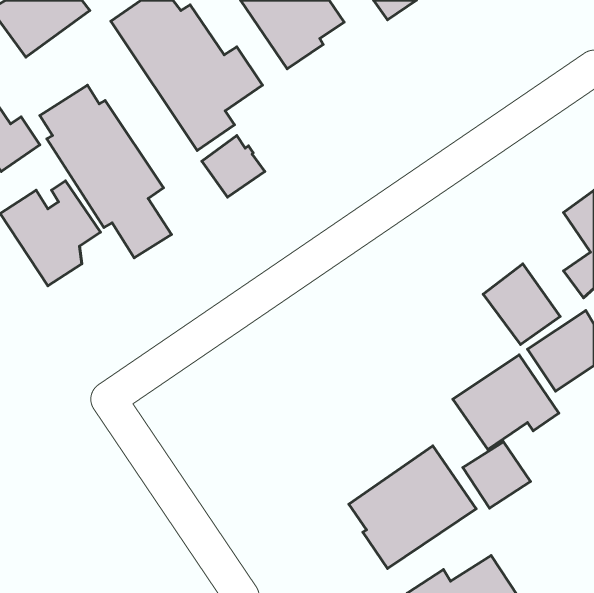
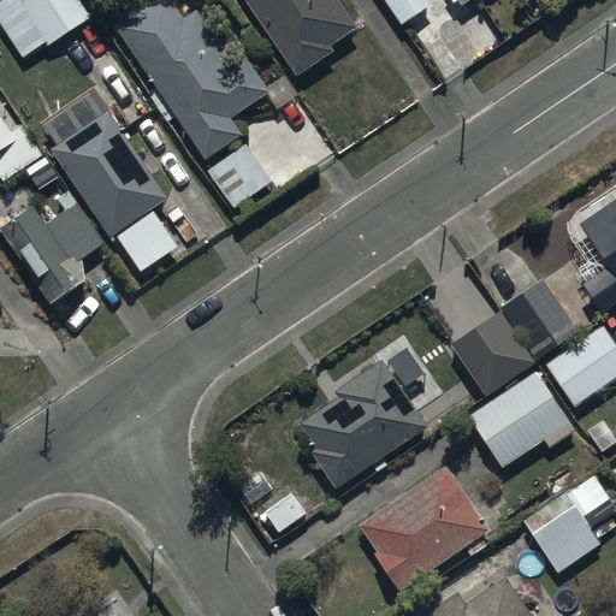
building: none -> [454,319,525,390]
building: none -> [301,356,427,486]
building: [463,442,531,508] -> [532,504,602,573]

